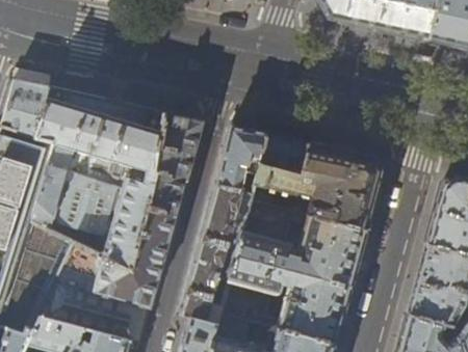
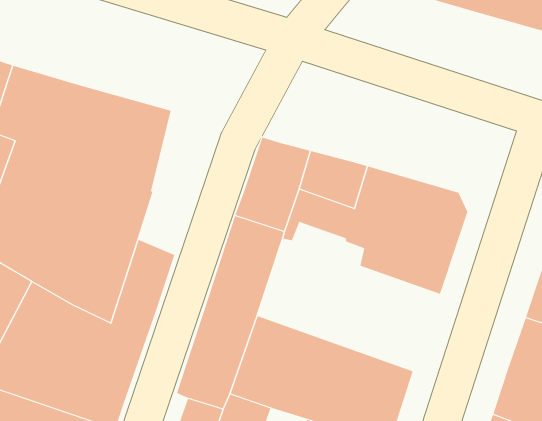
building: [147,113,202,216] -> none
building: [235,199,365,288] -> none

